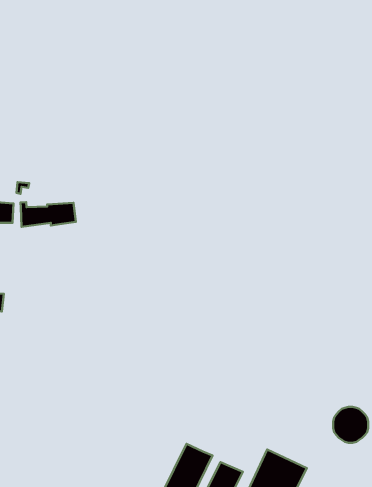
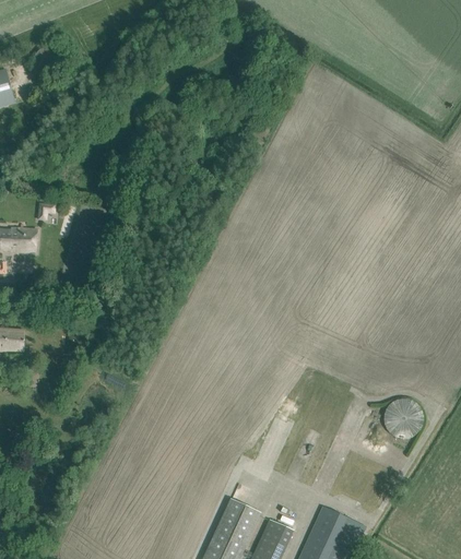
building: [21,202,76,227] -> none
building: [333,407,368,443] -> [383,399,423,439]

